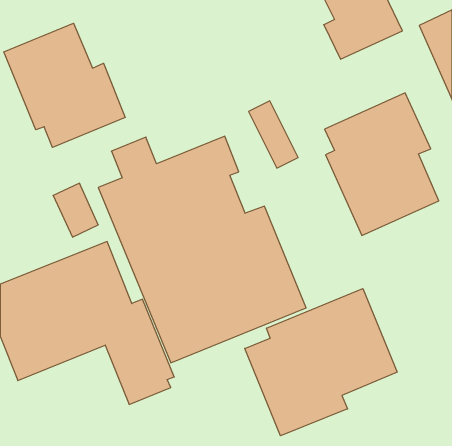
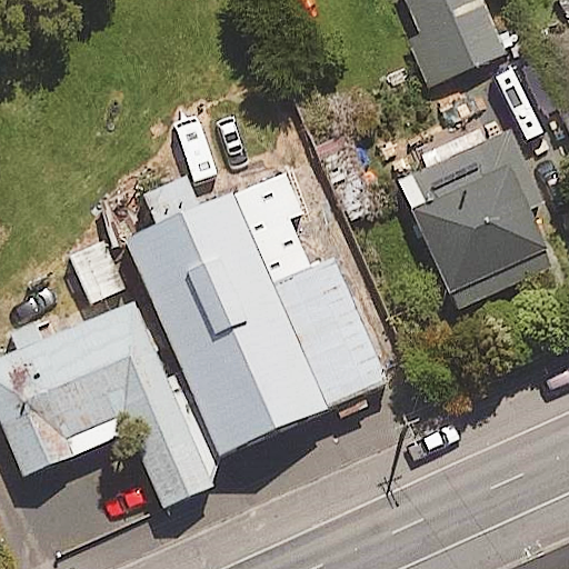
building: [4,23,125,147] -> none
building: [245,289,397,436] -> none

